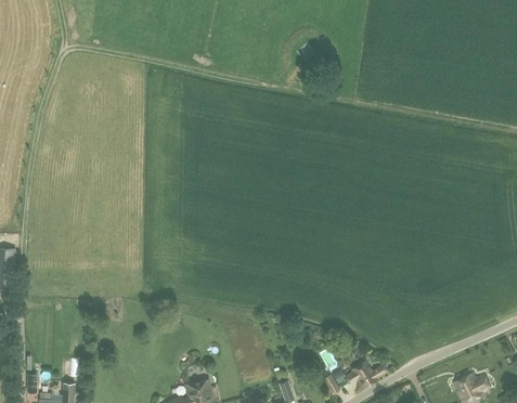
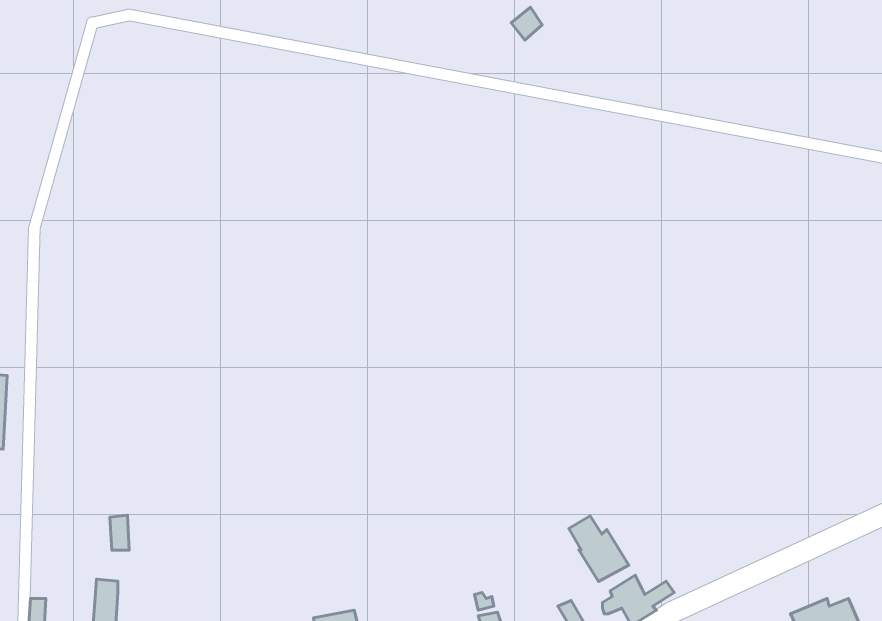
building: none -> [569,516,629,582]

